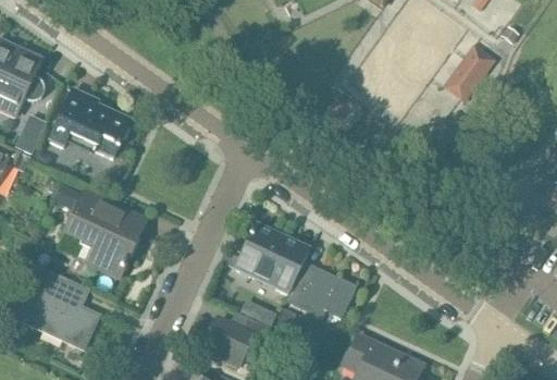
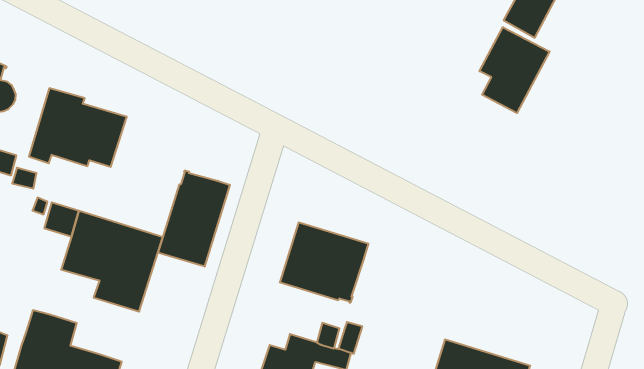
building: none -> [479,27,550,113]
building: none -> [158,170,230,267]
building: [284,260,356,318] -> none

